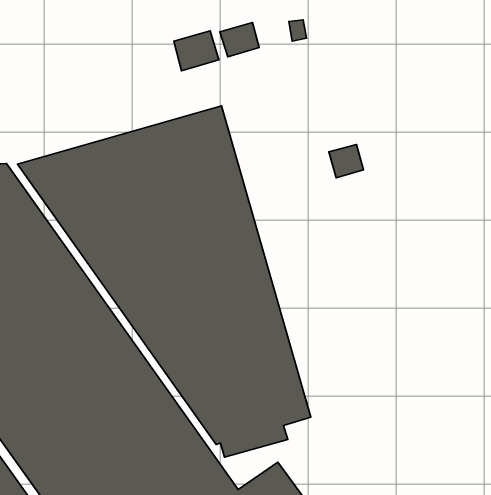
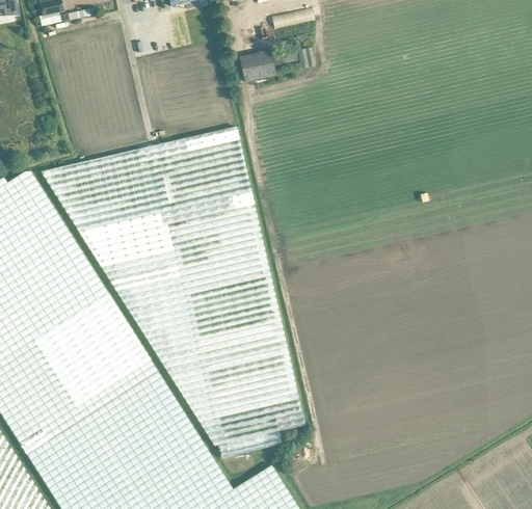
building: [174,31,219,71] -> none
building: [329,144,364,178] -> none

